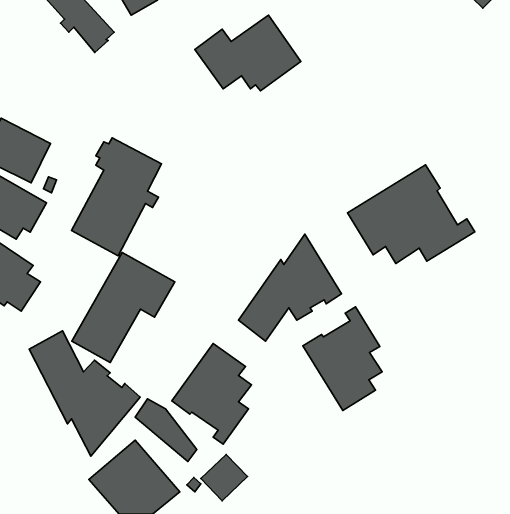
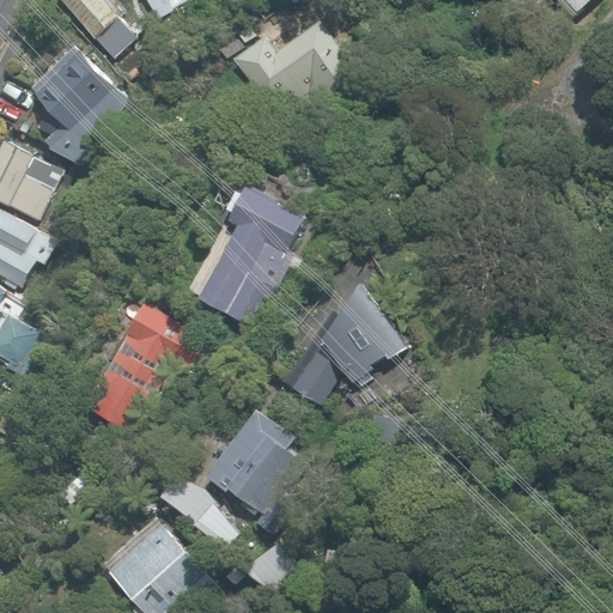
building: none -> [16,45,125,163]
building: [72,138,162,256] -> [196,186,303,326]
building: [347,165,475,264] -> none
building: [303,307,382,410] -> none
building: [29,331,140,456] -> none

